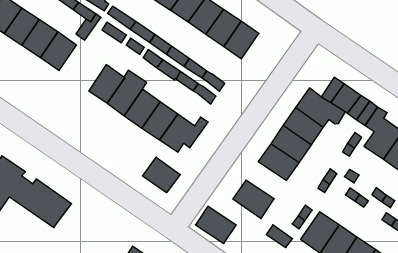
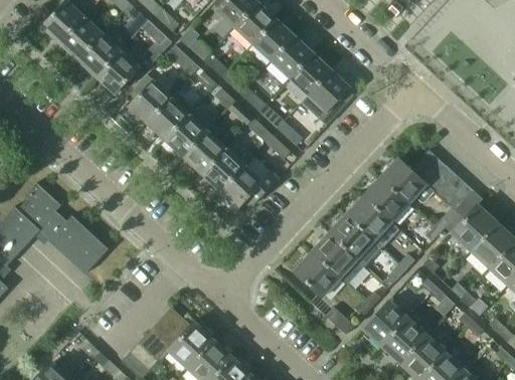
building: none -> [128,80,171,125]
building: [143,157,180,193] -> none
building: [195,206,236,244] -> [311,233,357,278]

